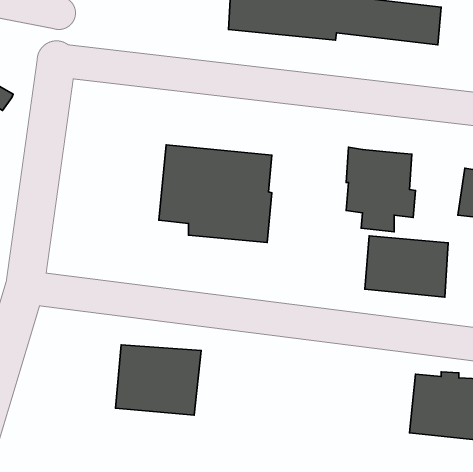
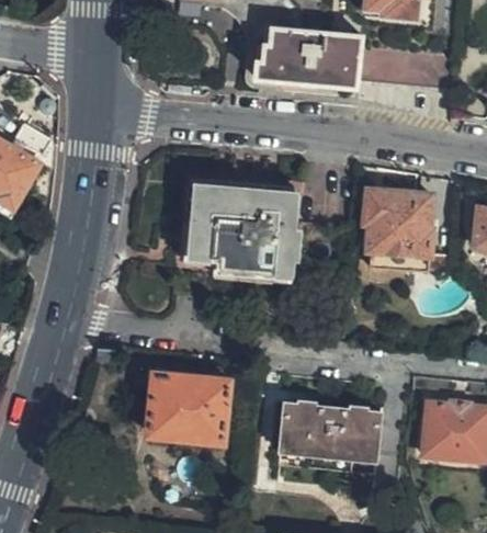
building: [365,236,448,297] -> none
building: none -> [283,399,380,453]

